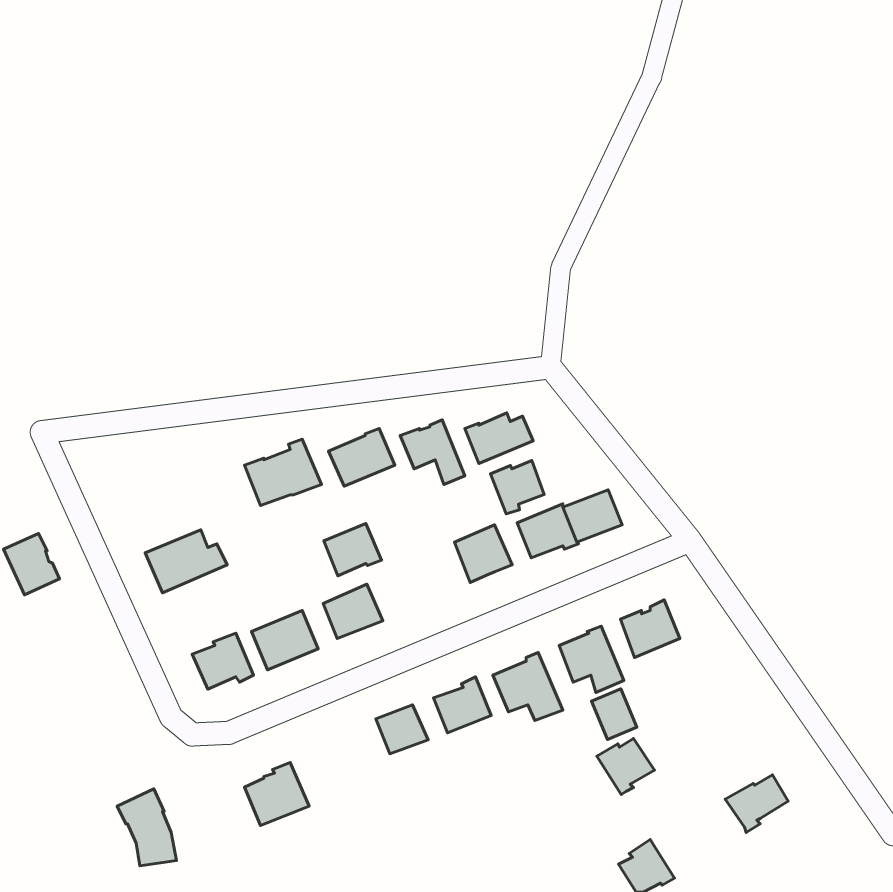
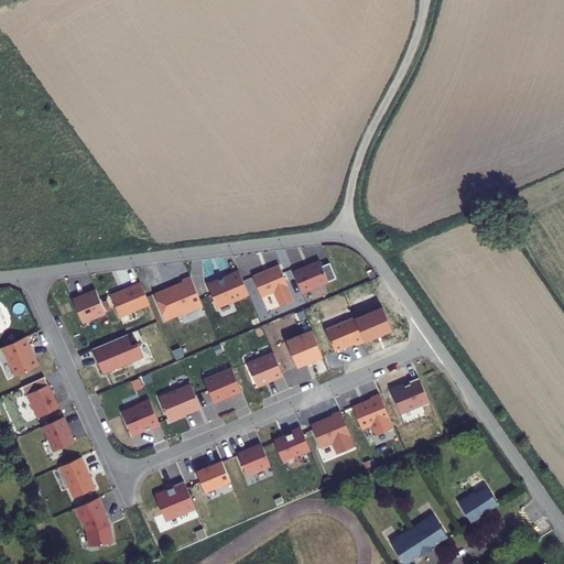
building: none -> [110,282,150,317]
building: none -> [74,290,106,323]
building: [491,460,544,514] -> none
building: [324,523,382,576] -> [247,352,283,386]
building: none -> [25,383,58,416]
building: none -> [42,415,74,451]
building: [592,689,637,740] -> none
building: none -> [58,456,95,497]
building: none -> [196,460,230,491]
building: [597,739,654,795] -> [410,518,446,553]

